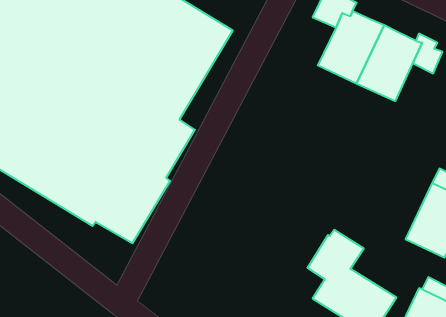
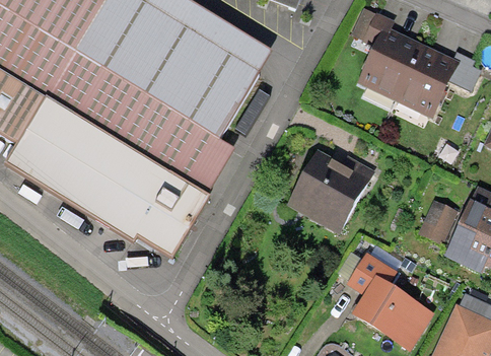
building: none -> [286,143,373,234]
building: none -> [418,201,458,244]

